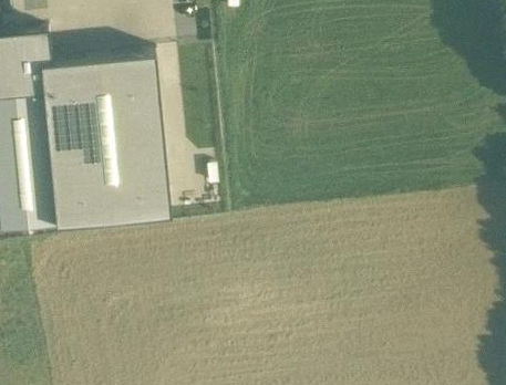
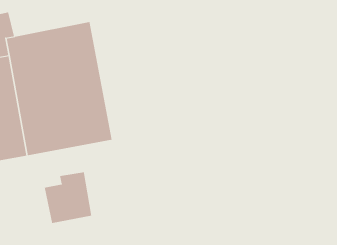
building: none -> [44,172,92,224]

